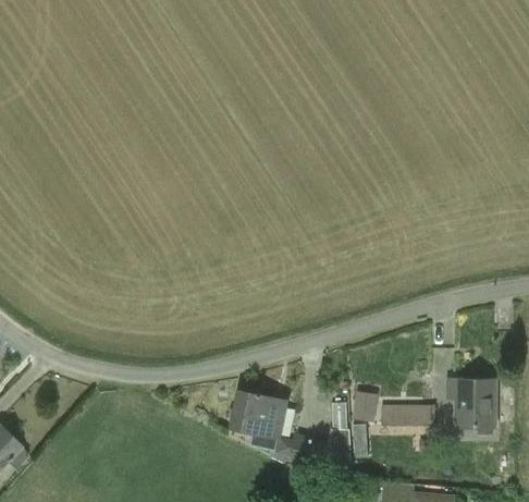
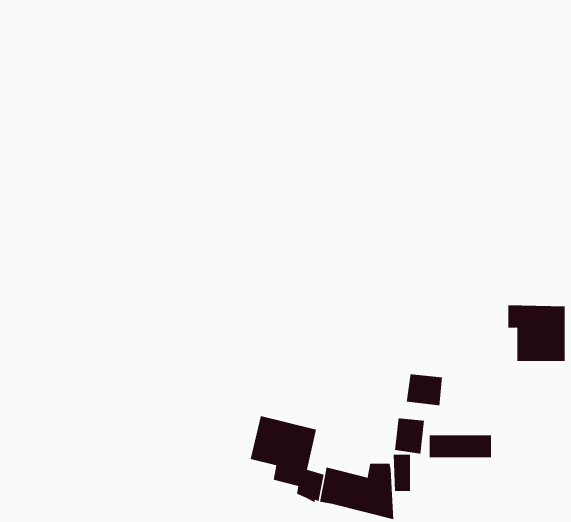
building: none -> [406,373,442,406]
building: [446,378,495,426] -> [507,305,565,362]

